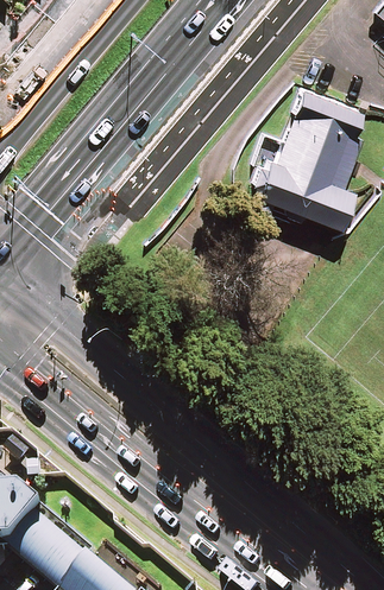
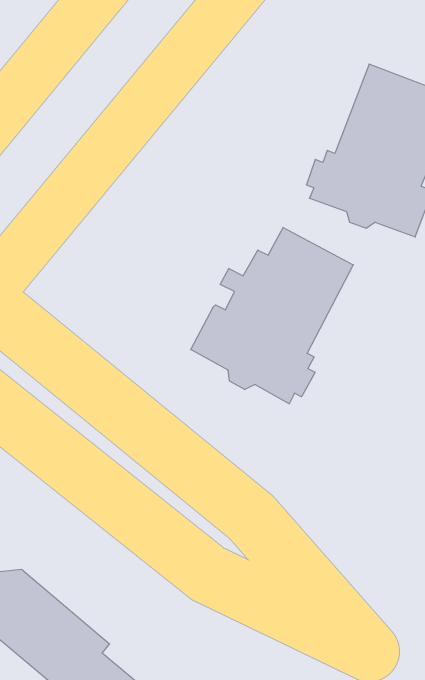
building: none -> [191,227,353,404]

